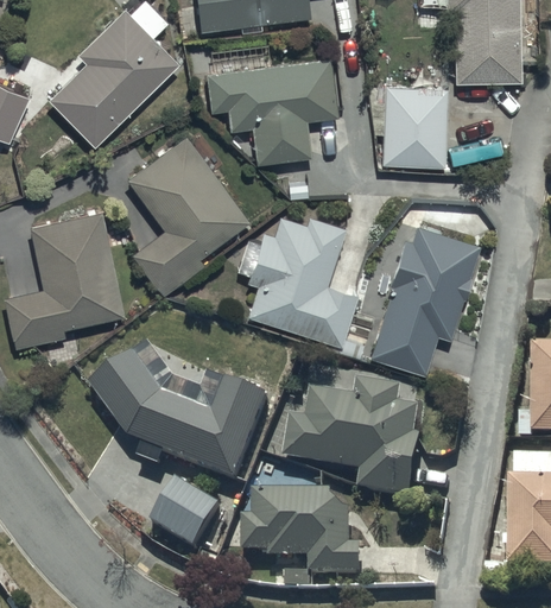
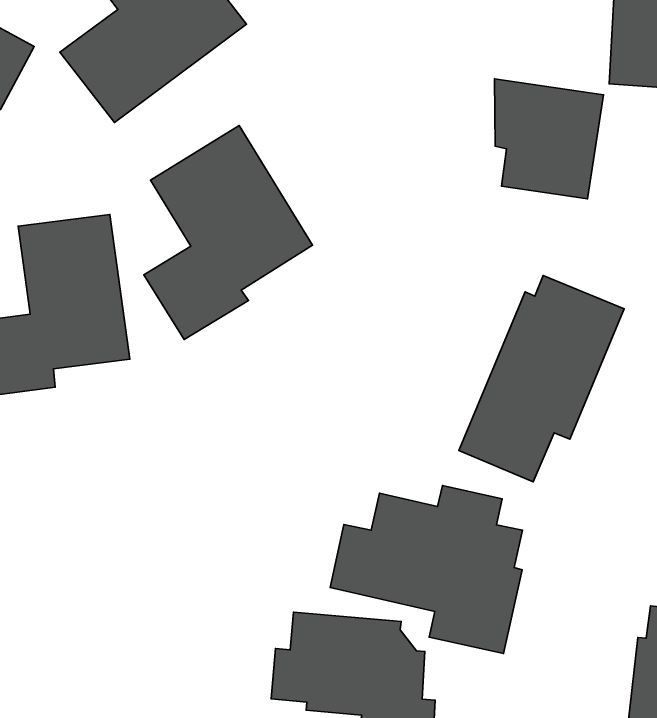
building: [211,58,336,163] -> none
building: [245,217,356,348] -> none
building: [96,360,280,487] -> none
building: [152,482,220,550] -> none

